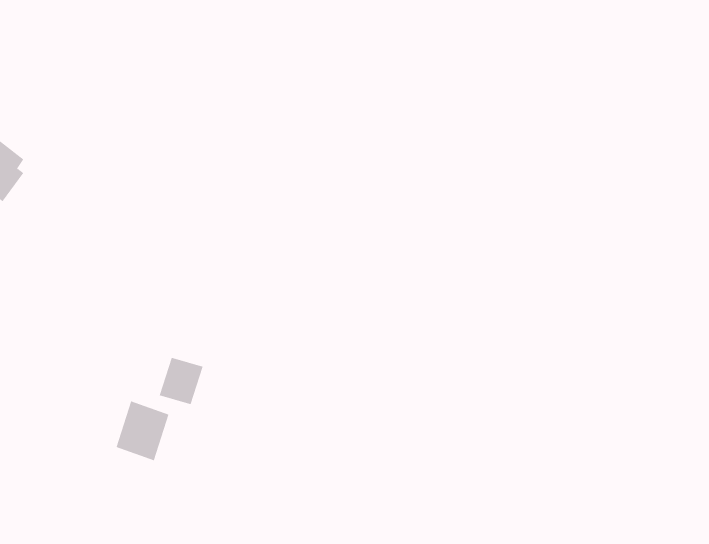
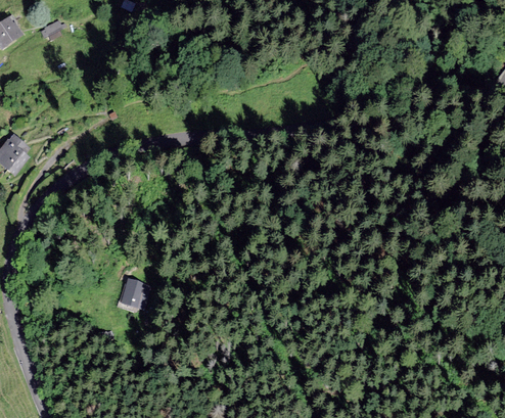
building: [116,401,169,461] -> none

